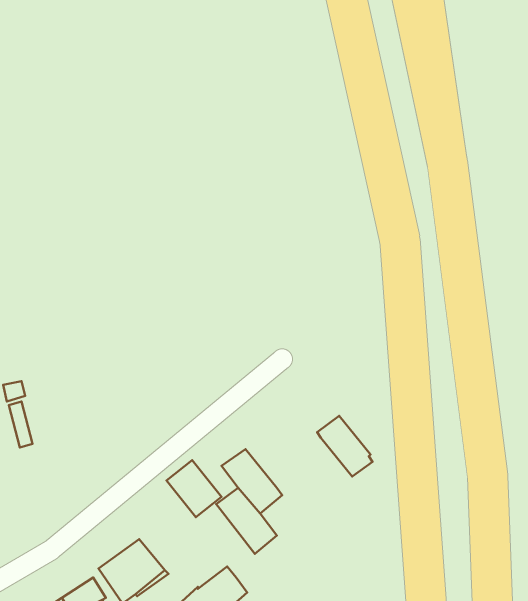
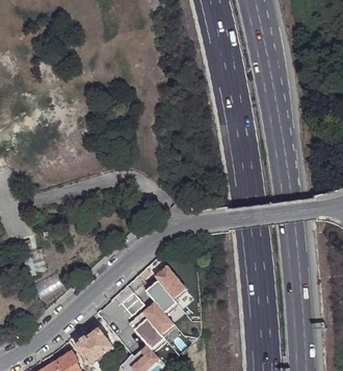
building: [317,416,372,476] -> [156,265,187,299]
building: none -> [129,310,166,350]

